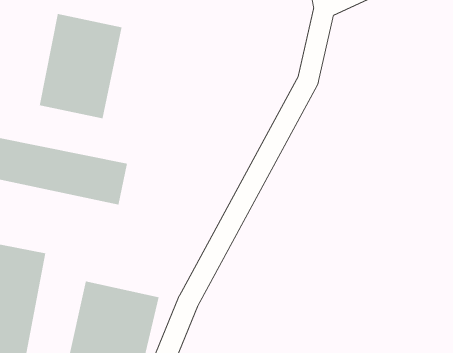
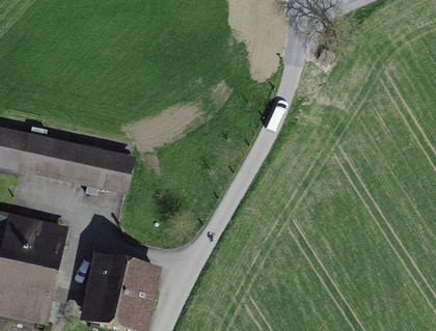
building: [39,13,122,119] -> none

